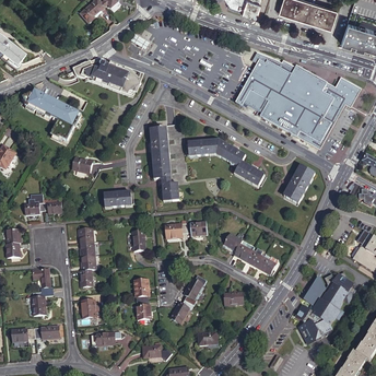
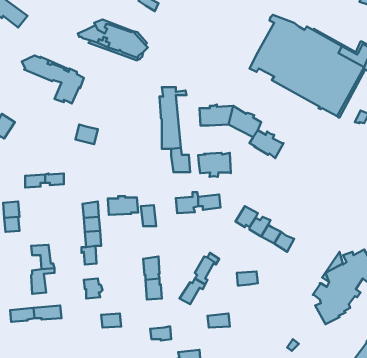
building: [283,166,314,204] -> none
building: none -> [198,153,231,177]
building: [104,190,132,208] -> [108,196,138,215]

